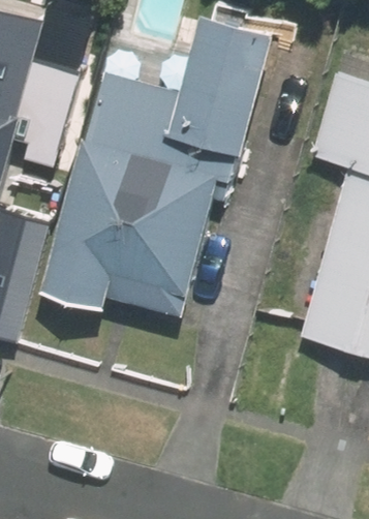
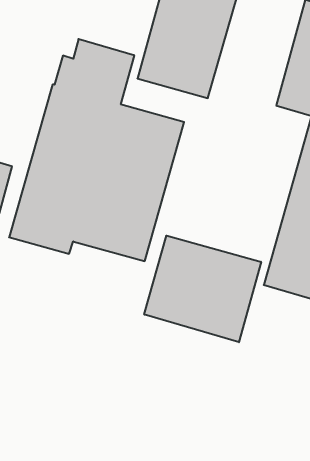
building: none -> [144,236,261,342]

